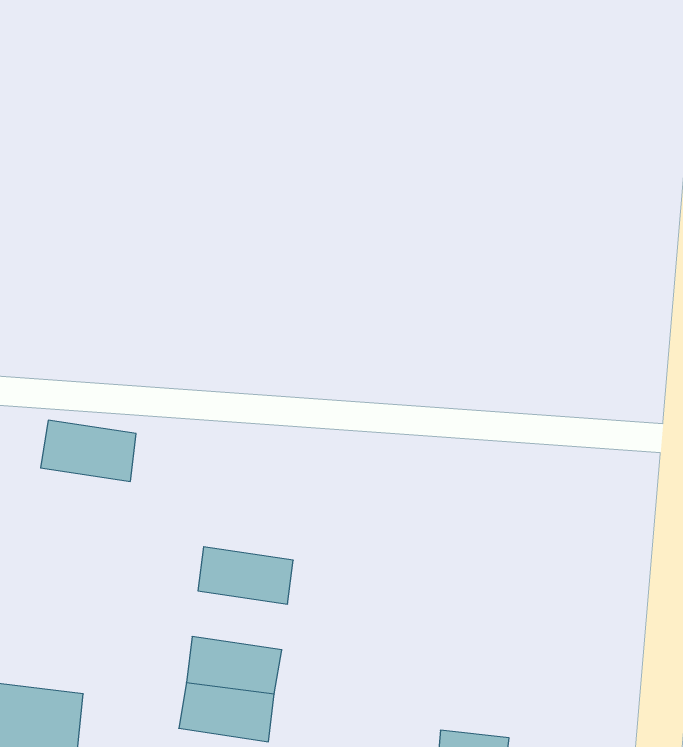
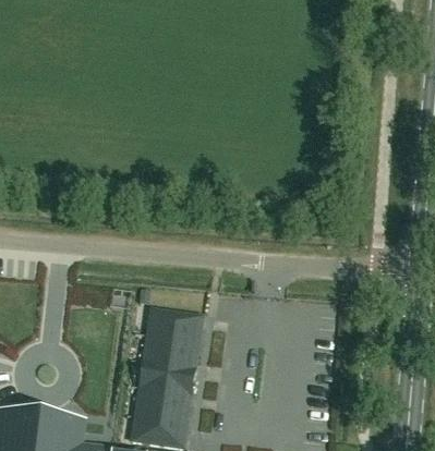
building: [41,420,136,481] -> [147,307,202,342]
building: none -> [141,359,195,393]

